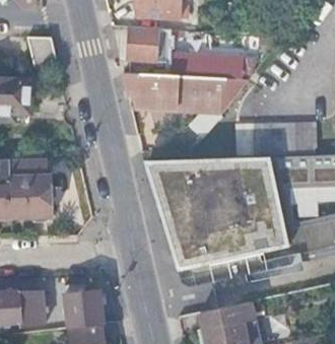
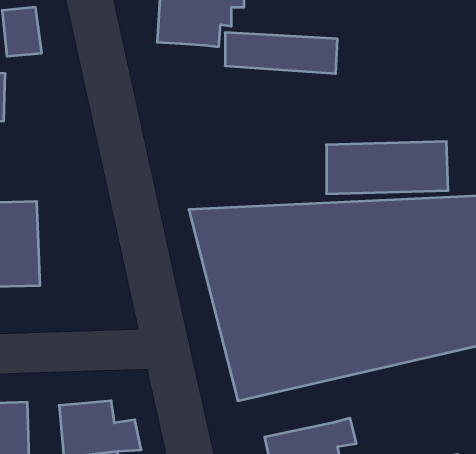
building: [123,71,249,114] -> none

